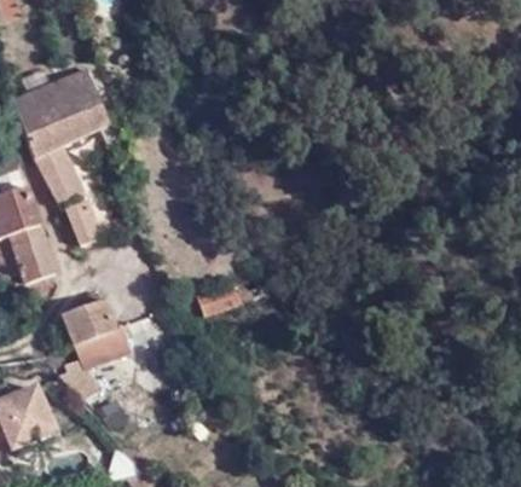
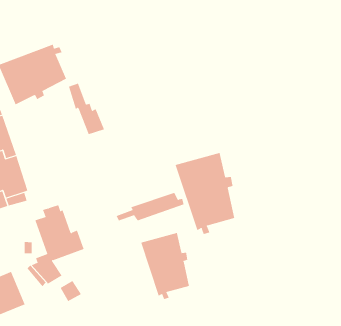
building: [54,174,105,245] -> [68,83,105,135]
building: none -> [175,152,235,235]
building: none -> [140,232,189,300]

